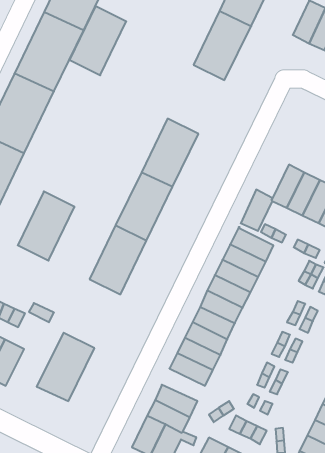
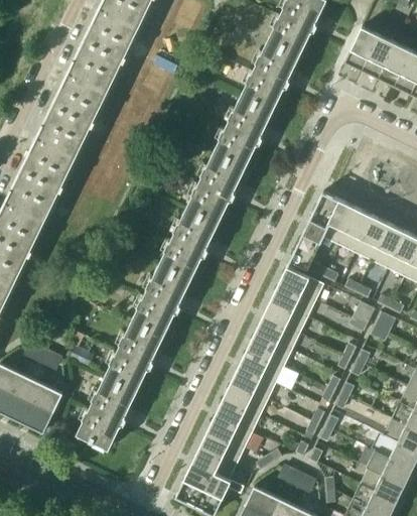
building: [69,6,126,75] -> [213,95,272,167]
building: none -> [305,191,339,235]
building: [18,191,75,261] -> [104,319,163,392]
building: none -> [206,413,252,447]

